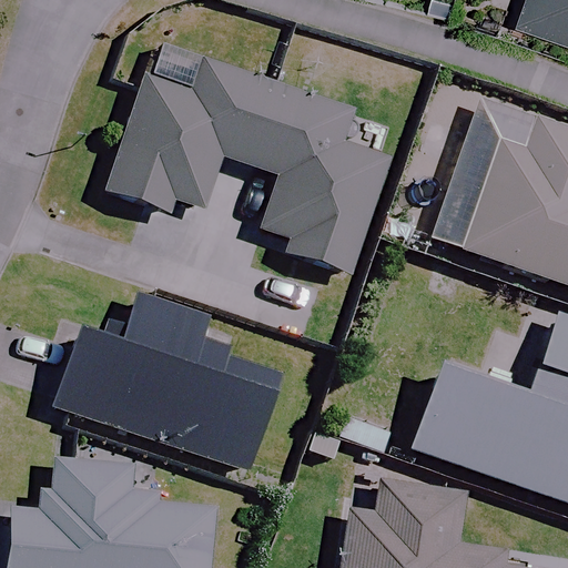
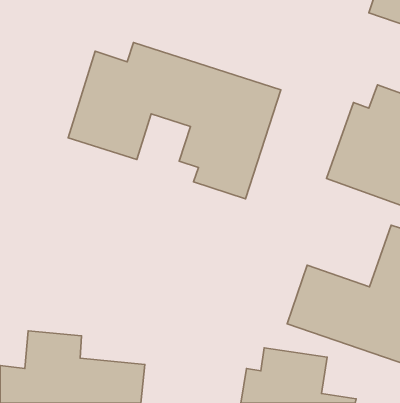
building: [49,291,280,474] -> none

